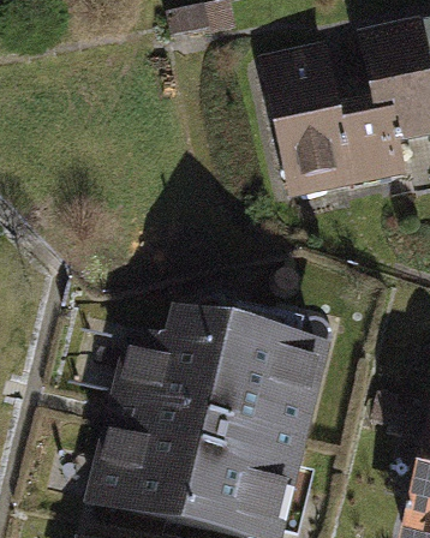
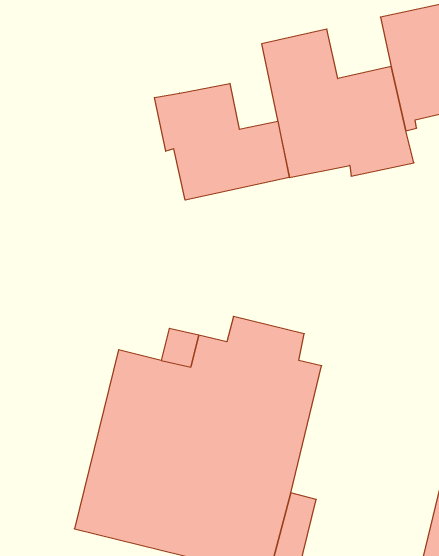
building: none -> [154,83,289,200]

